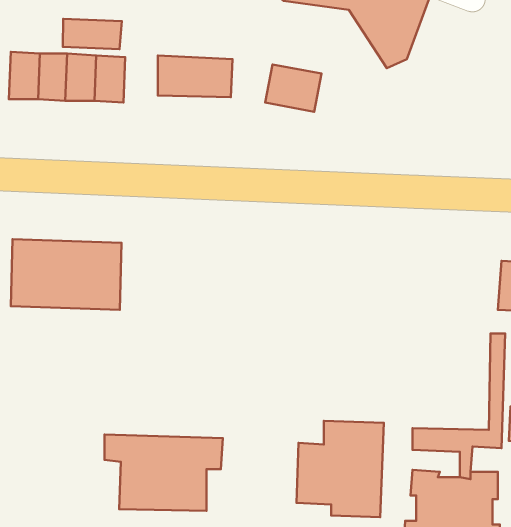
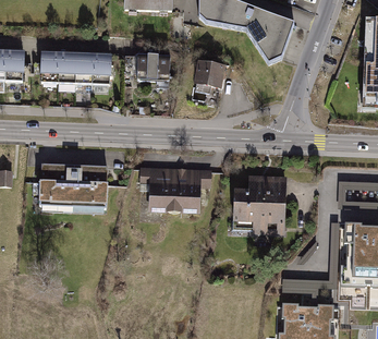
building: [63,19,122,49] -> none
building: [297,421,384,517] -> [233,173,285,231]
building: [105,435,223,511] -> [141,165,211,210]

